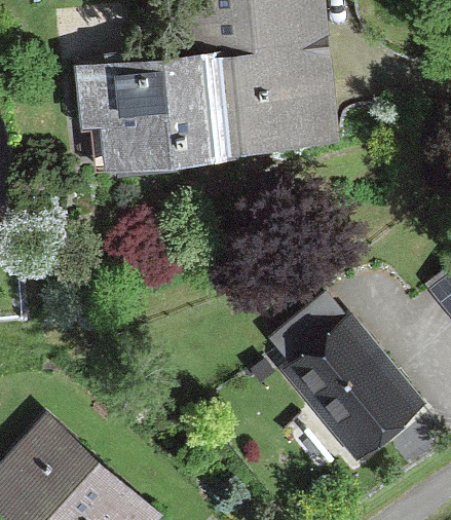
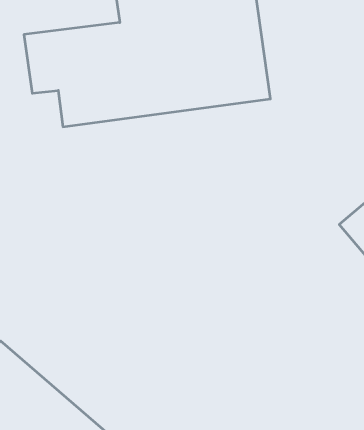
building: [278,315,428,469] -> none

